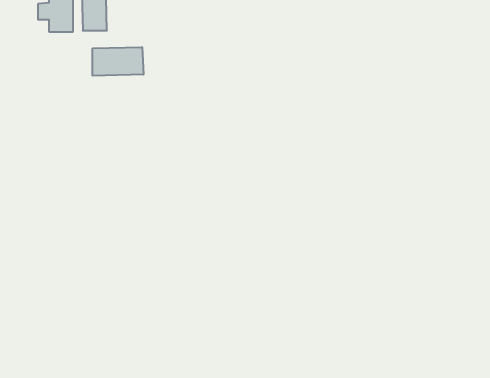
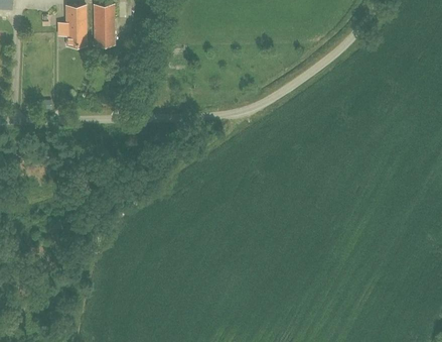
building: [93,47,143,76] -> none

